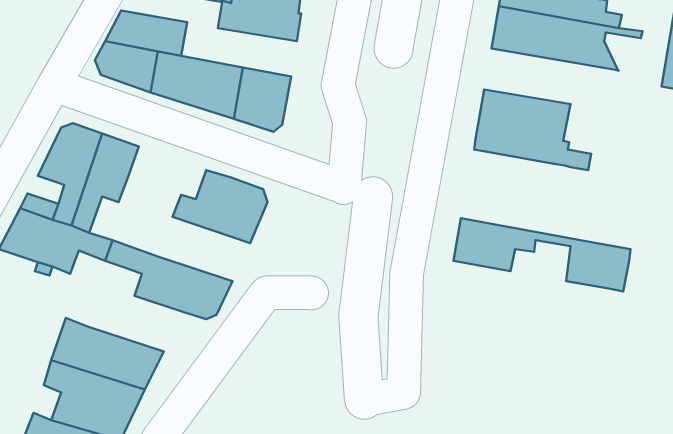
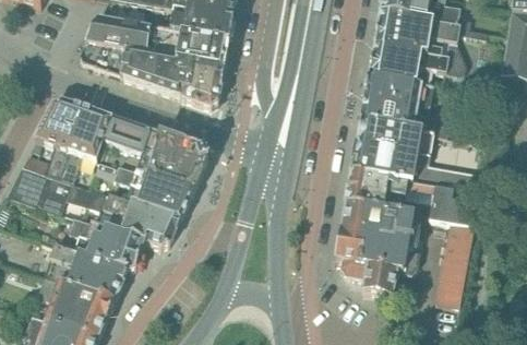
building: none -> [143,22,229,62]
building: none -> [369,41,469,82]
building: none -> [104,115,161,154]
building: none -> [351,117,452,186]
building: none -> [99,157,194,215]
building: none -> [336,200,419,293]
building: none -> [63,211,144,267]
building: none -> [429,215,472,304]

